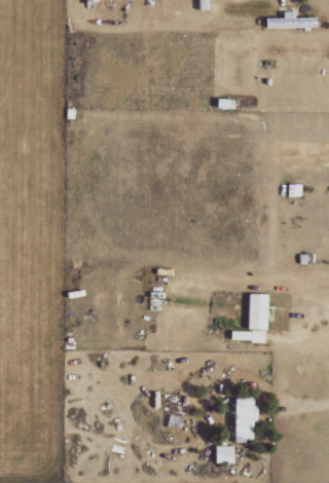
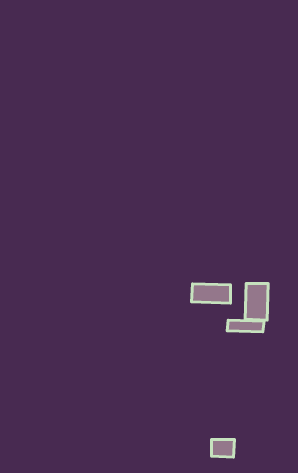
building: none -> [191,284,231,303]
building: [234,399,256,440] -> none

